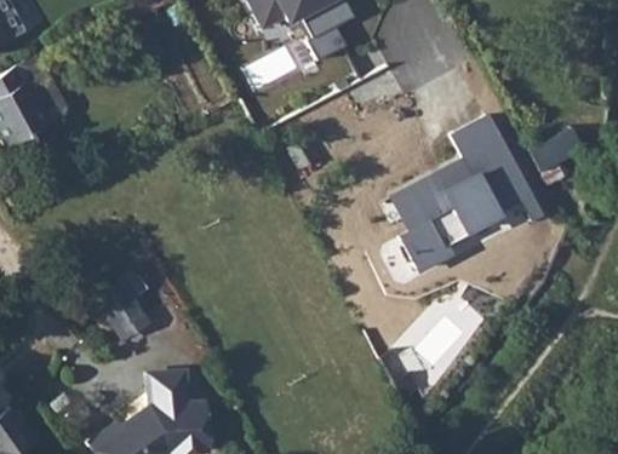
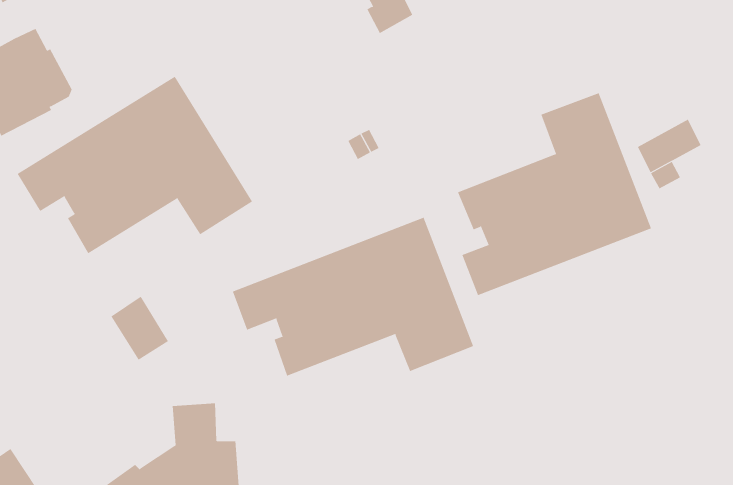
building: none -> [17,76,253,254]
building: none -> [232,217,474,376]

